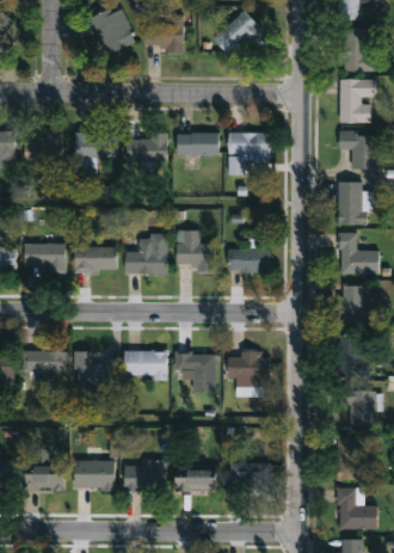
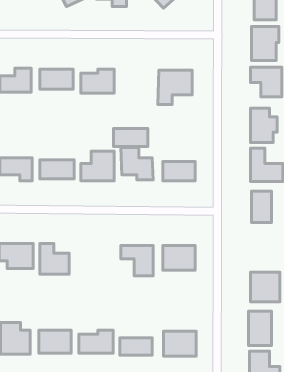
building: [176,134,218,156] -> [114,128,148,146]
building: [337,336,371,379] -> none
building: [124,352,166,379] -> none

